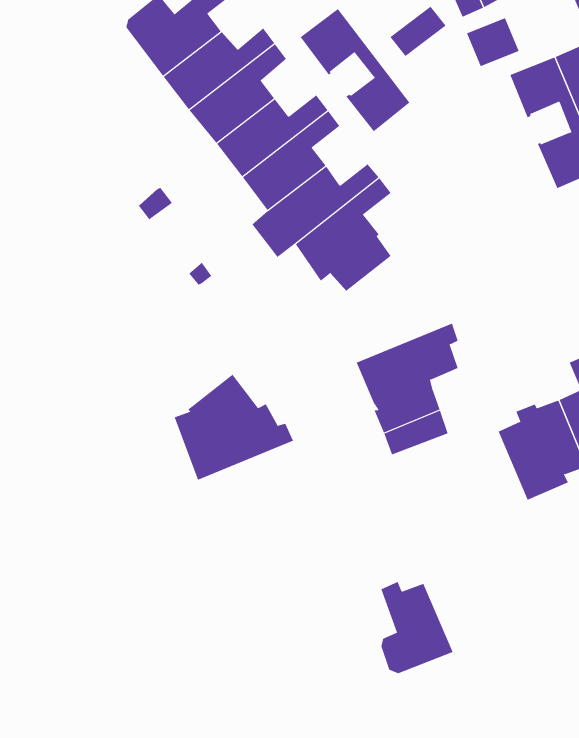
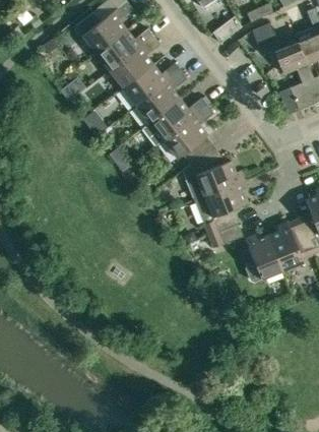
building: [300,8,410,132] -> none
building: [174,374,294,480] -> [182,145,244,200]
building: [381,581,453,674] -> [245,235,282,283]

